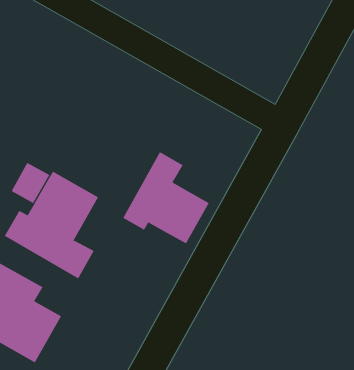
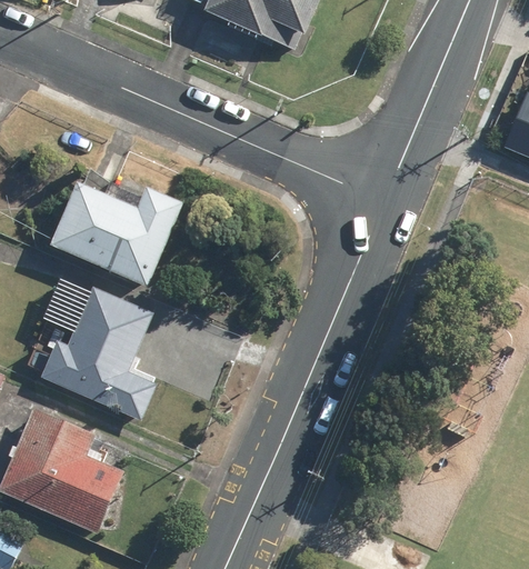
building: none -> [49,182,183,287]
building: [122,151,210,244] -> none

